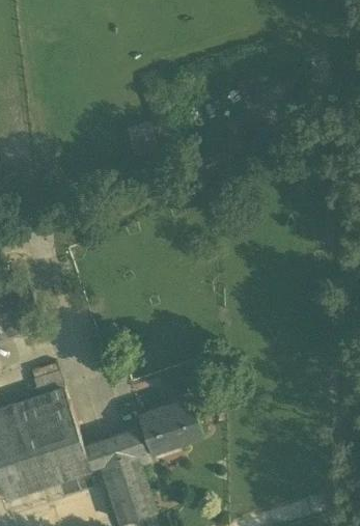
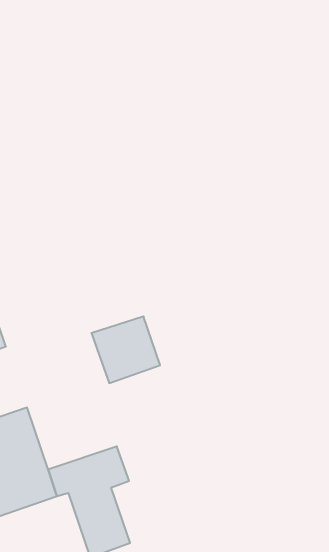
building: [140,394,204,456] -> [91,316,160,383]

